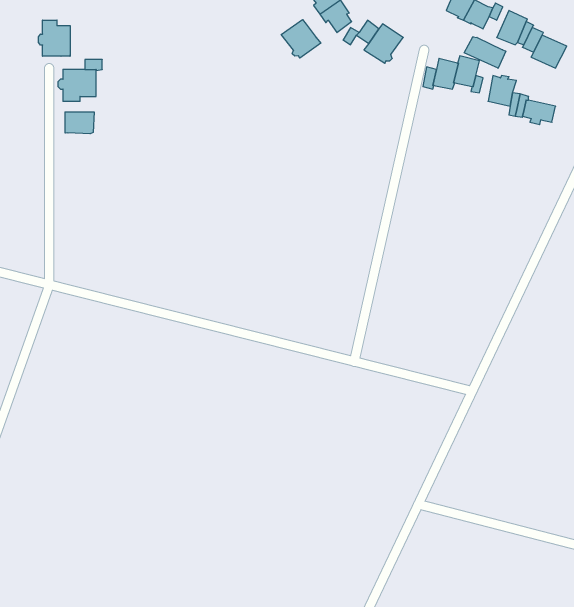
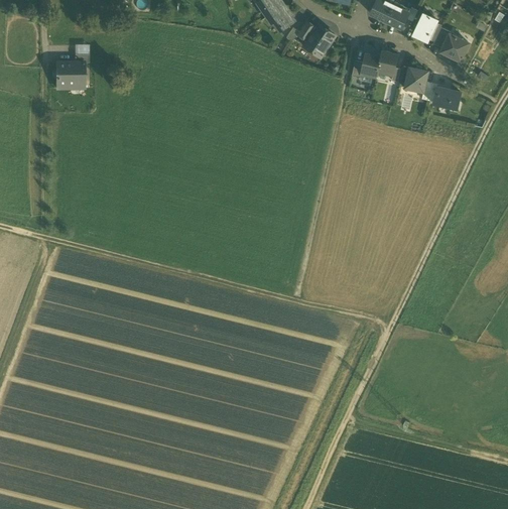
building: [281,20,321,58] -> none
building: [39,20,70,56] -> none
building: [464,37,506,68] -> none
building: [65,112,94,134] -> none

